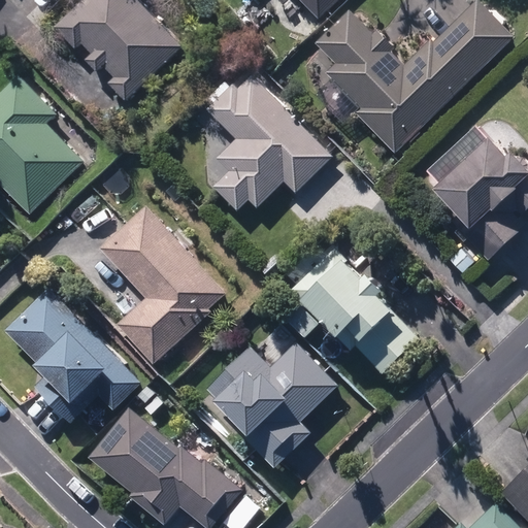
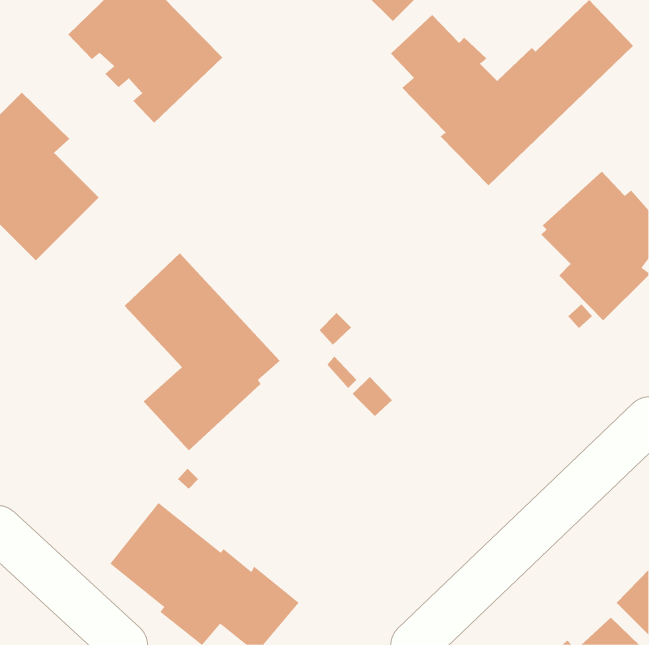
building: [206,74,331,209] -> none
building: [289,246,418,373] -> none
building: [6,289,141,423] -> none
building: [206,341,337,468] -> none

